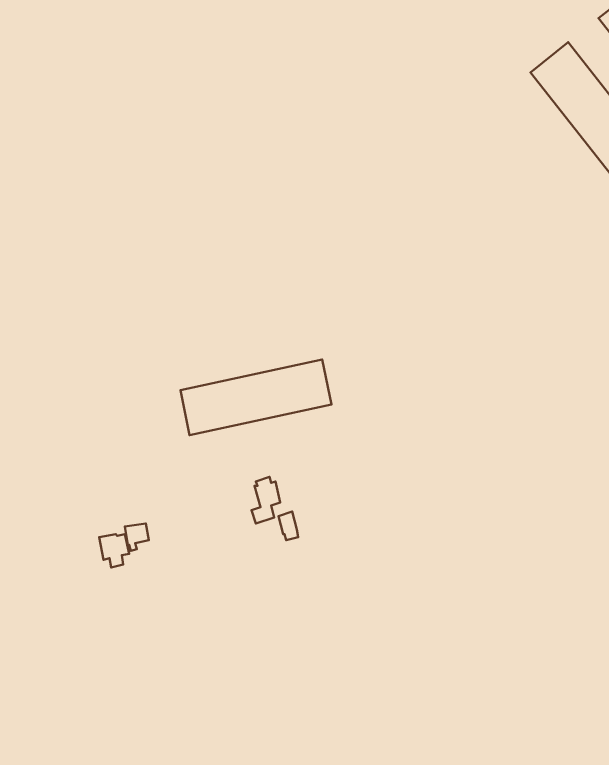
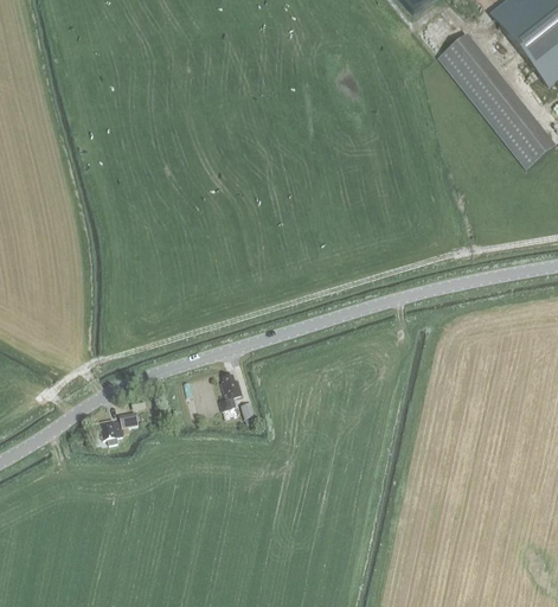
building: [180,360,332,435] -> none

